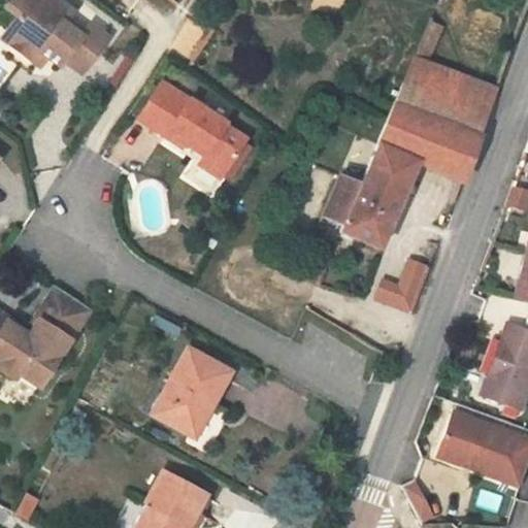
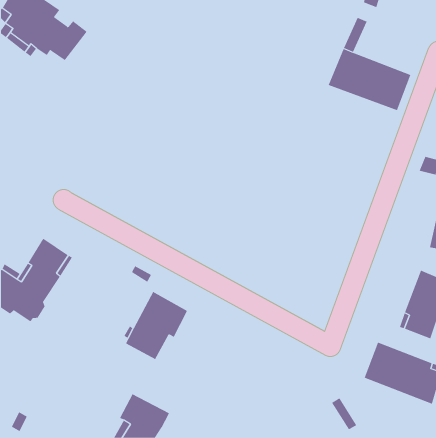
building: [139,82,245,178] -> none
building: [324,102,481,249] -> none
building: [378,260,430,311] -> none

